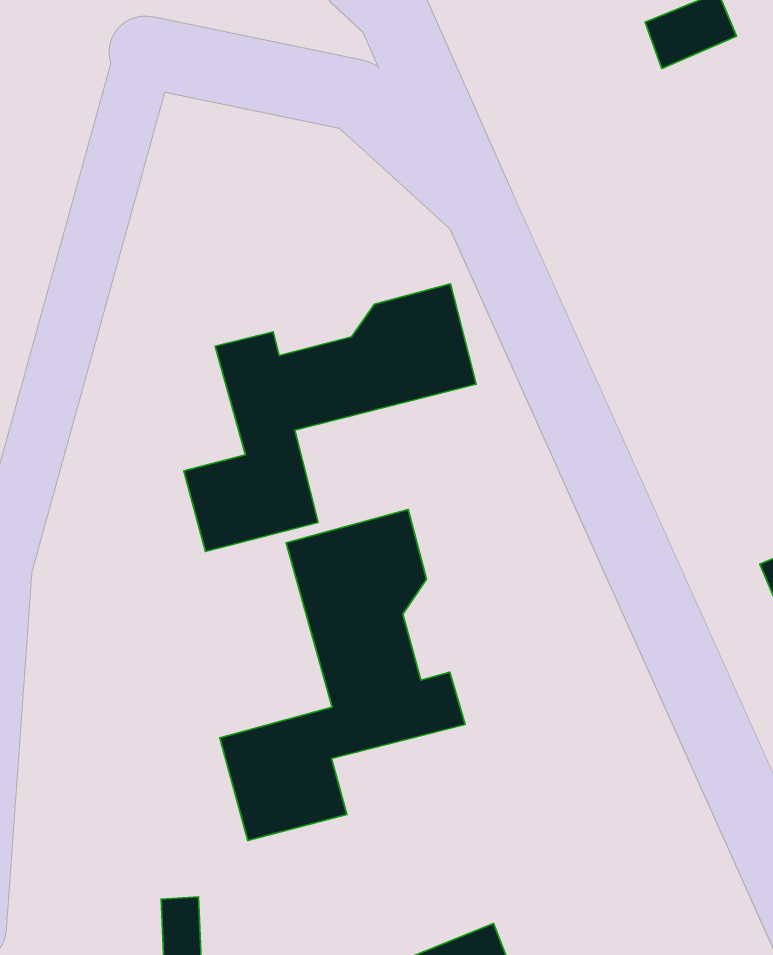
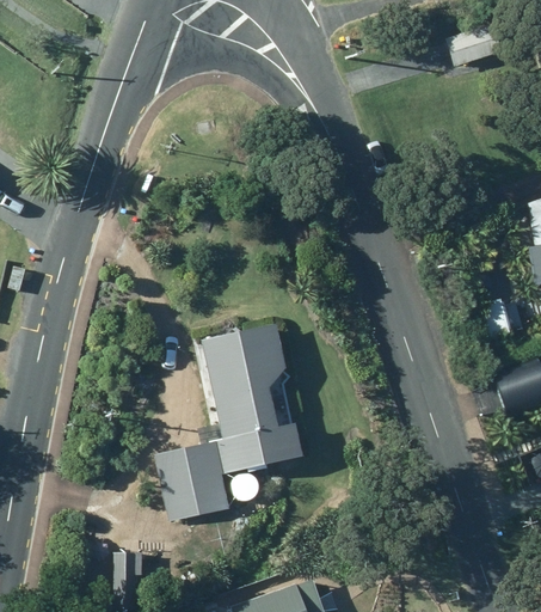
building: [184,284,476,551] -> none

